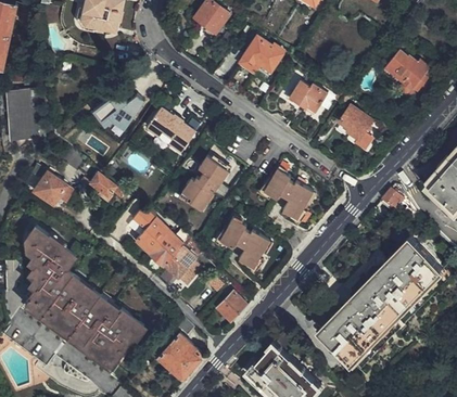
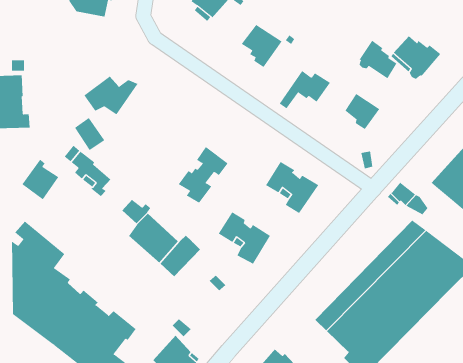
building: none -> [359,40,397,79]
building: [145,104,196,150] -> none
building: [215,291,245,321] -> none

